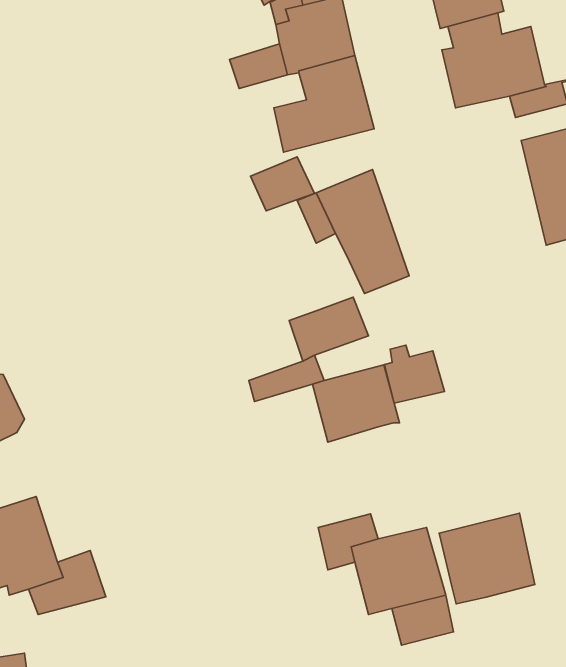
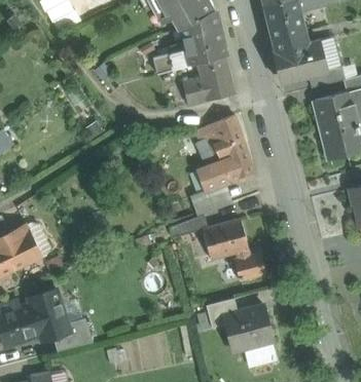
building: [251,157,314,211] -> [196,161,230,190]
building: [385,345,444,403] -> [234,250,266,280]
building: [439,513,535,604] -> none

